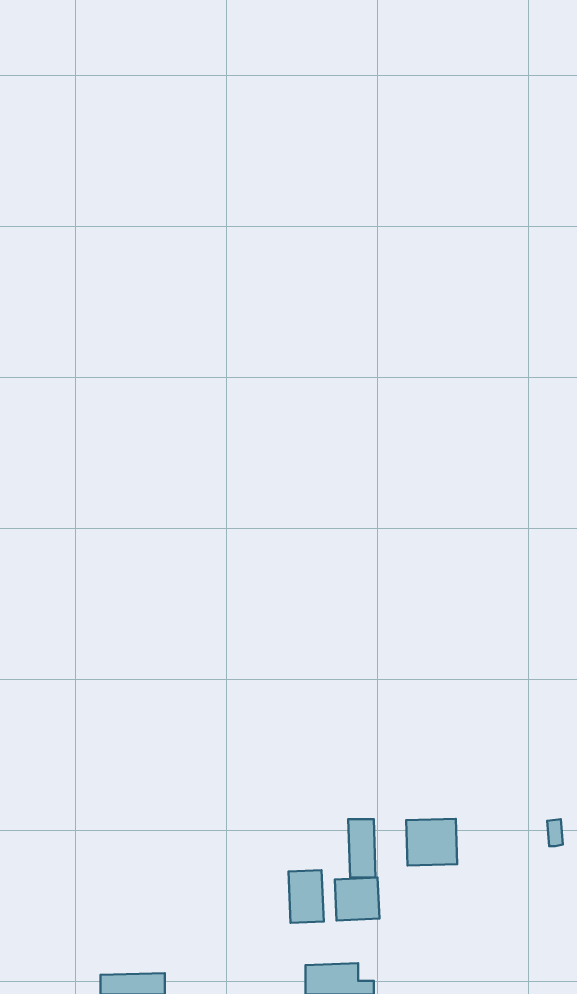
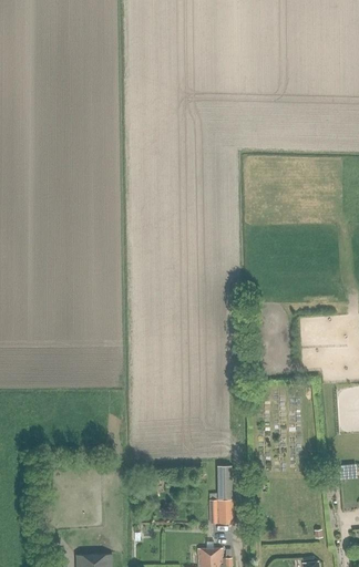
building: [406,819,457,866] -> none
building: [288,870,324,923] -> none

